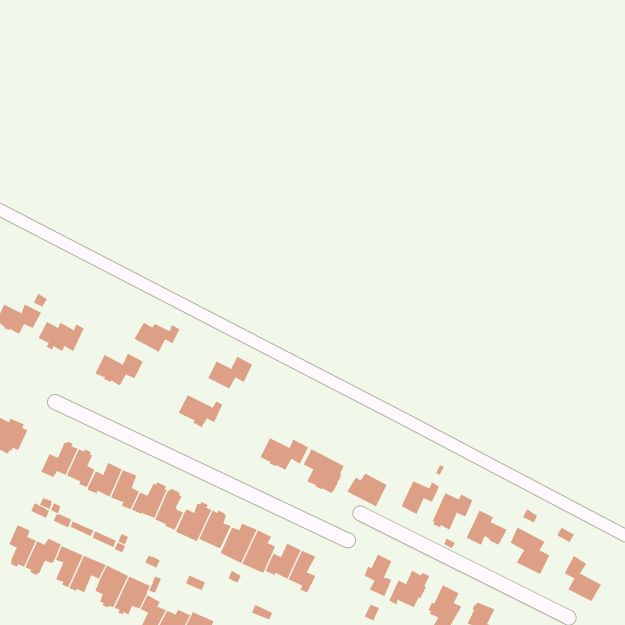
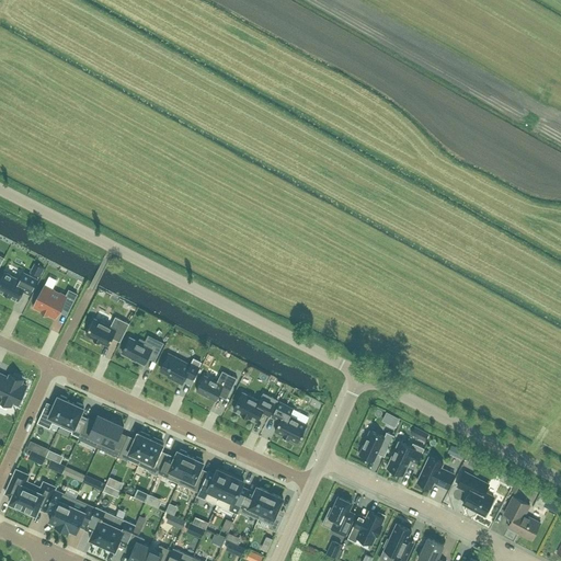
building: [134,322,180,352] -> [121,337,162,365]
building: [208,356,253,389] -> [195,371,236,401]
building: [347,473,387,507] -> none

